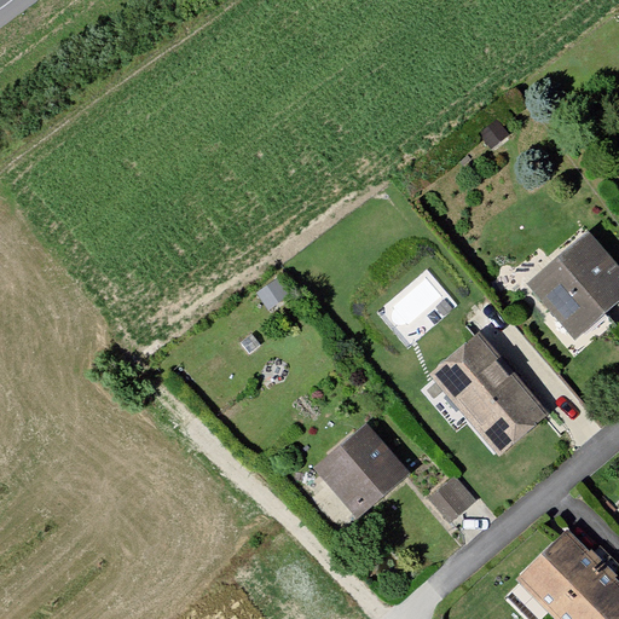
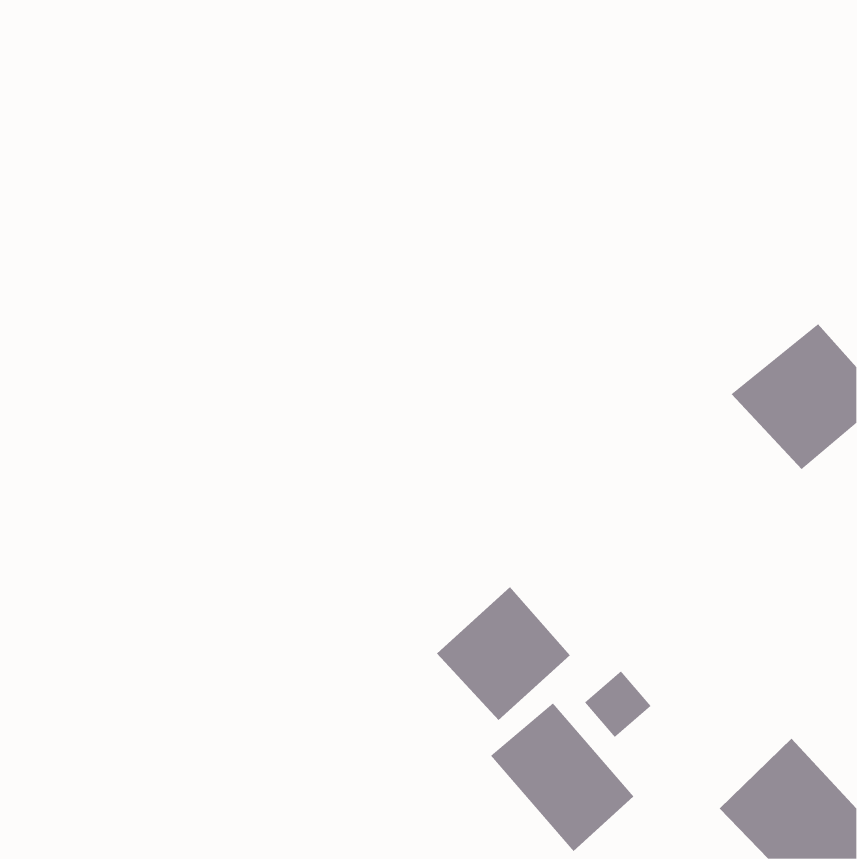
building: [428,331,550,457] -> none
building: none -> [490,703,634,852]

